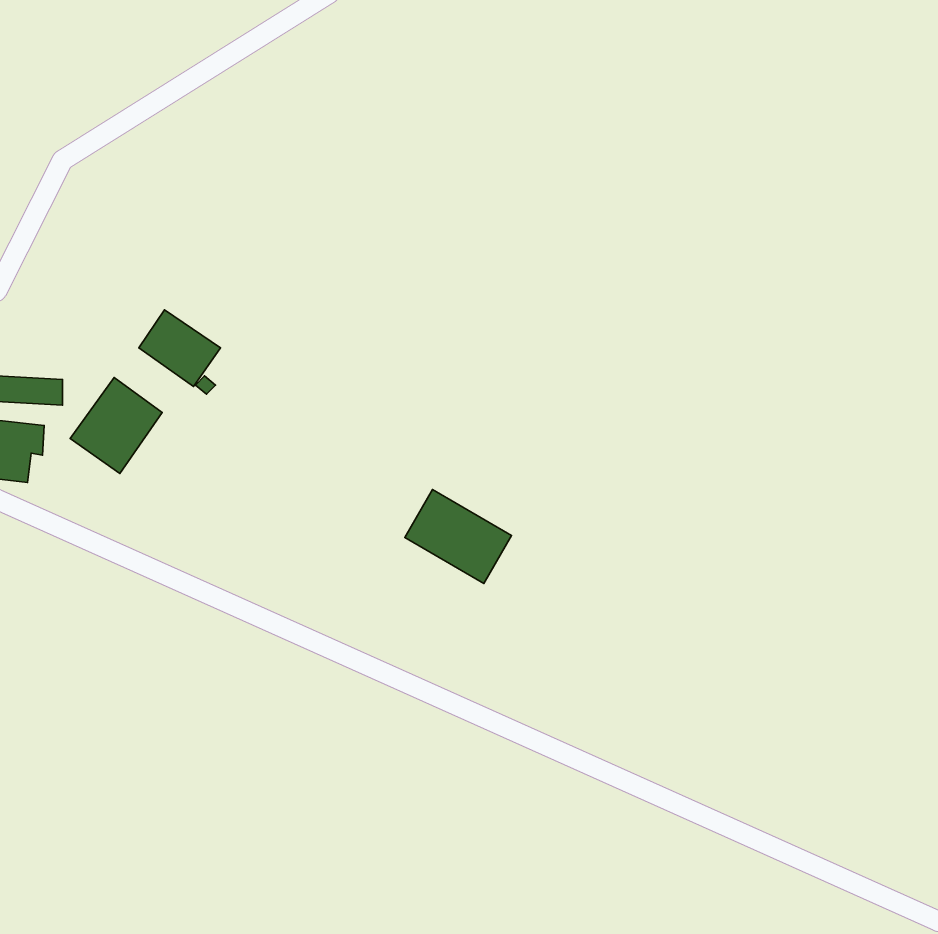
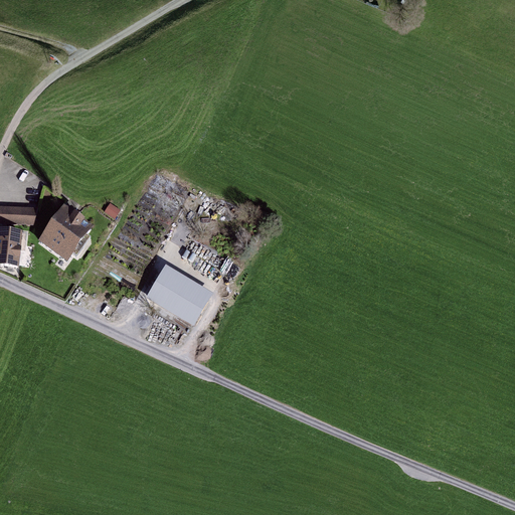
building: [139,310,220,386] -> none
building: [405,490,512,584] -> [148,270,206,321]

